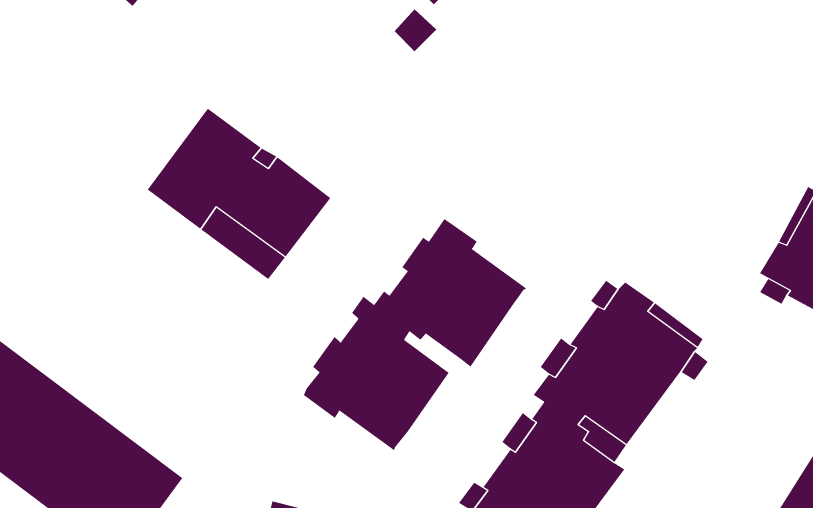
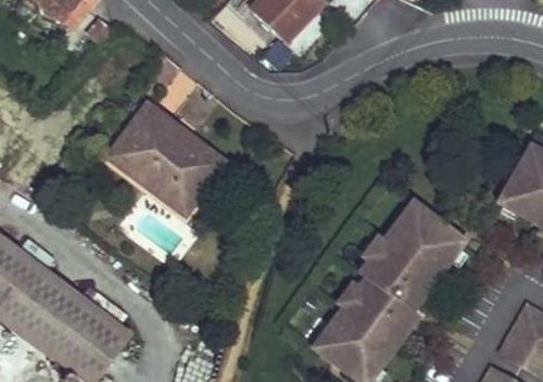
building: [303,218,527,451] -> none

